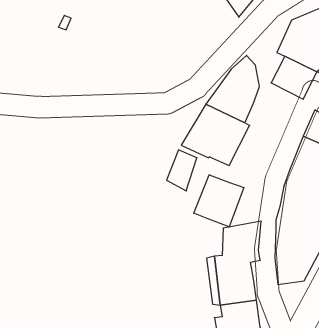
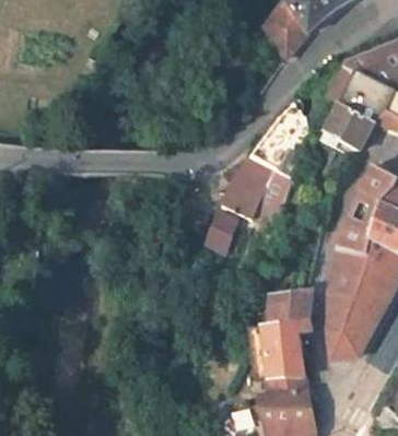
building: [194,175,244,227] -> none

